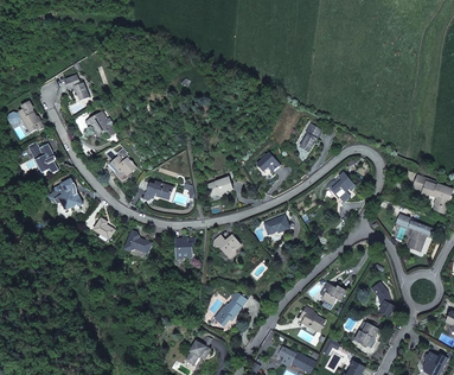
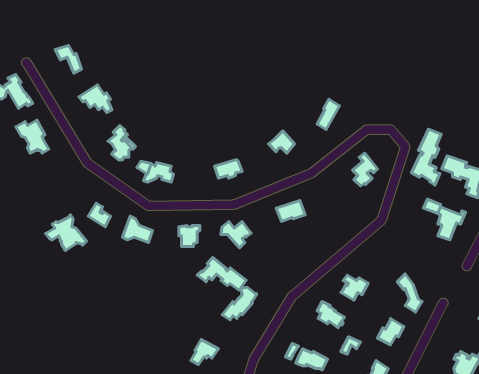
building: none -> [411,129,441,185]
building: [47,179,84,211] -> [46,215,86,250]
building: none -> [197,257,246,290]

